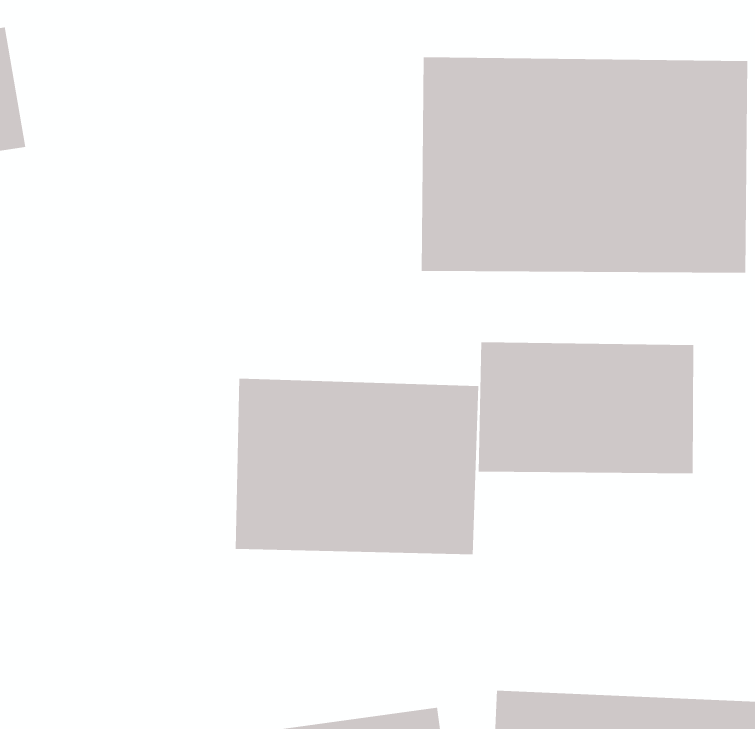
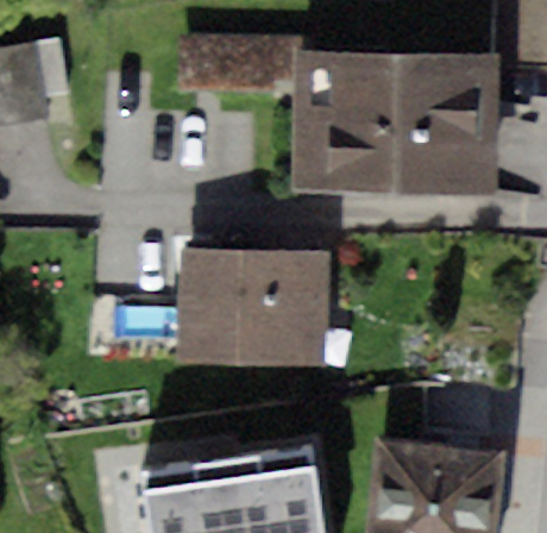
building: none -> [184,38,289,89]
building: [478,341,694,474] -> none

